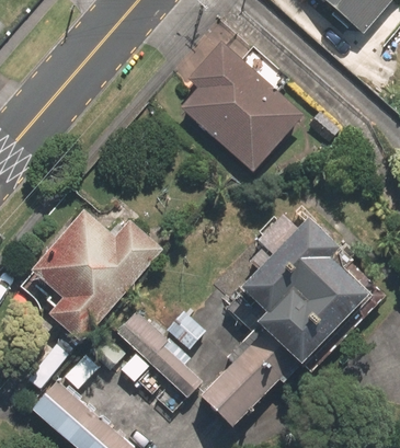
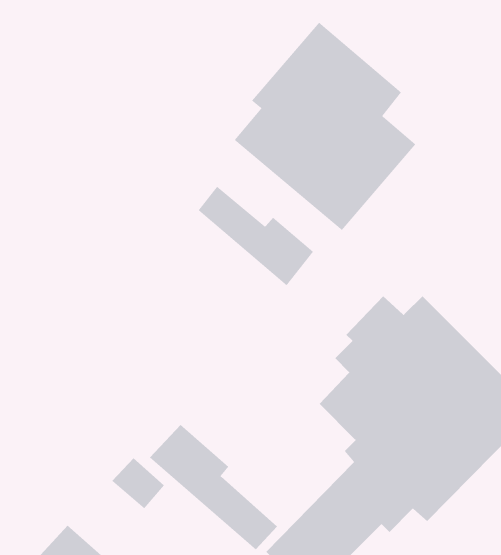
building: none -> [198,186,314,286]
building: [30,210,164,345] -> none

